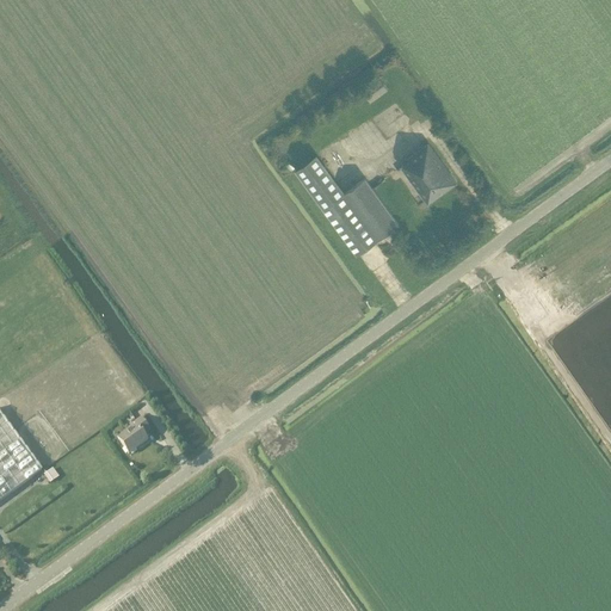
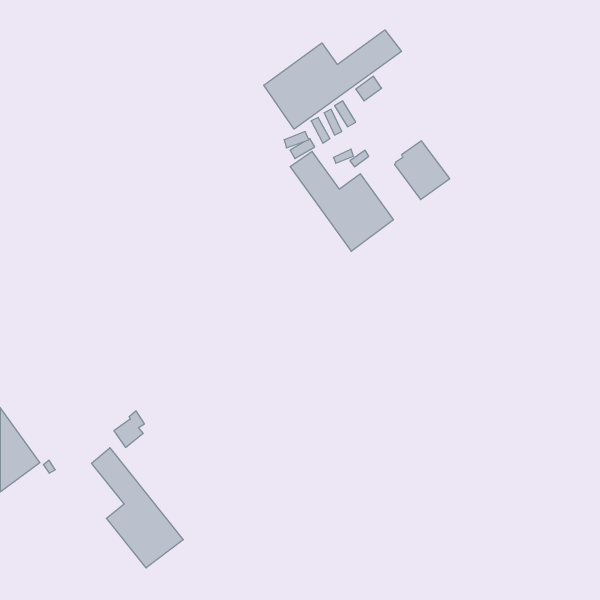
building: none -> [264,30,401,129]
building: none -> [92,448,183,568]

